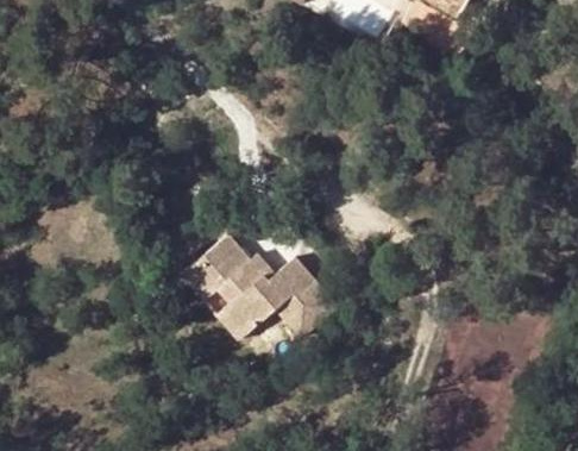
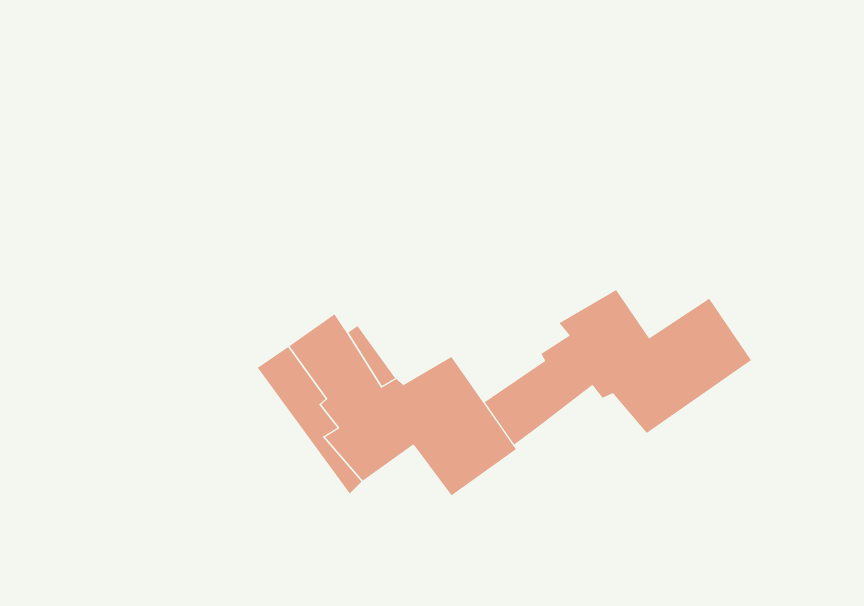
building: none -> [484,289,752,445]

